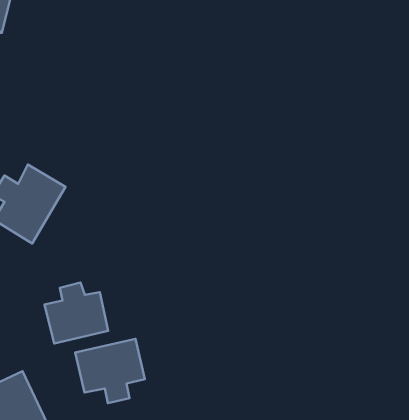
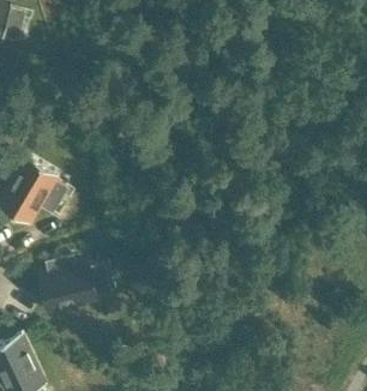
building: [75,339,145,403] -> none

